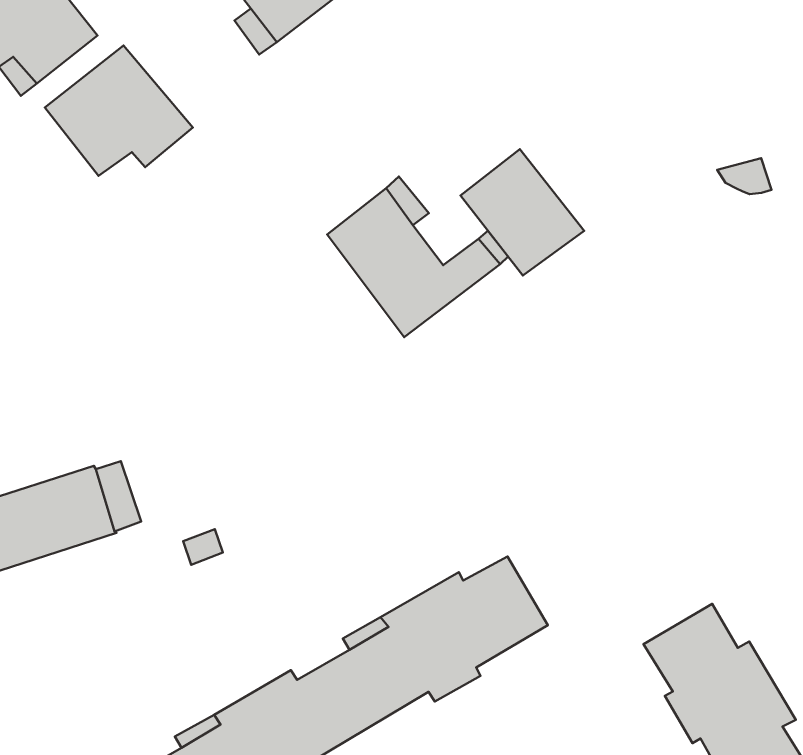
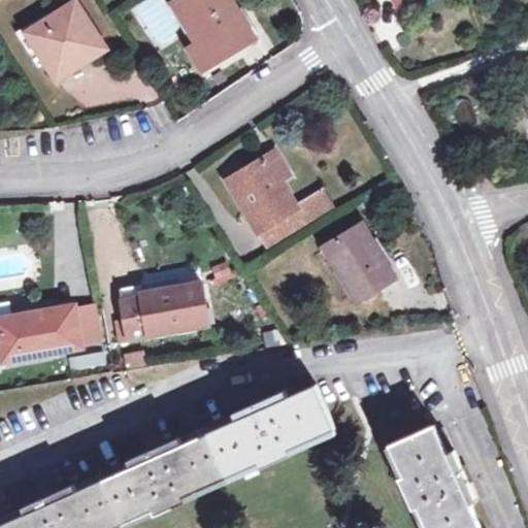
building: [45,46,193,176] -> none
building: [461,149,584,276] -> [324,225,395,300]
building: none -> [119,282,202,334]

